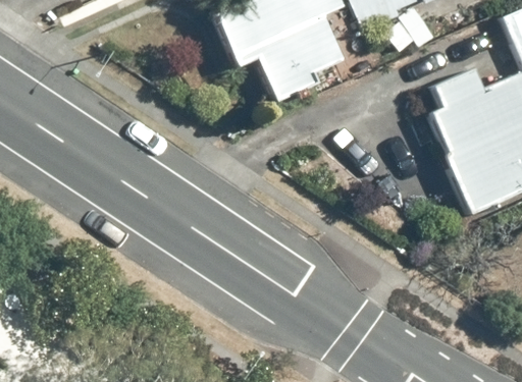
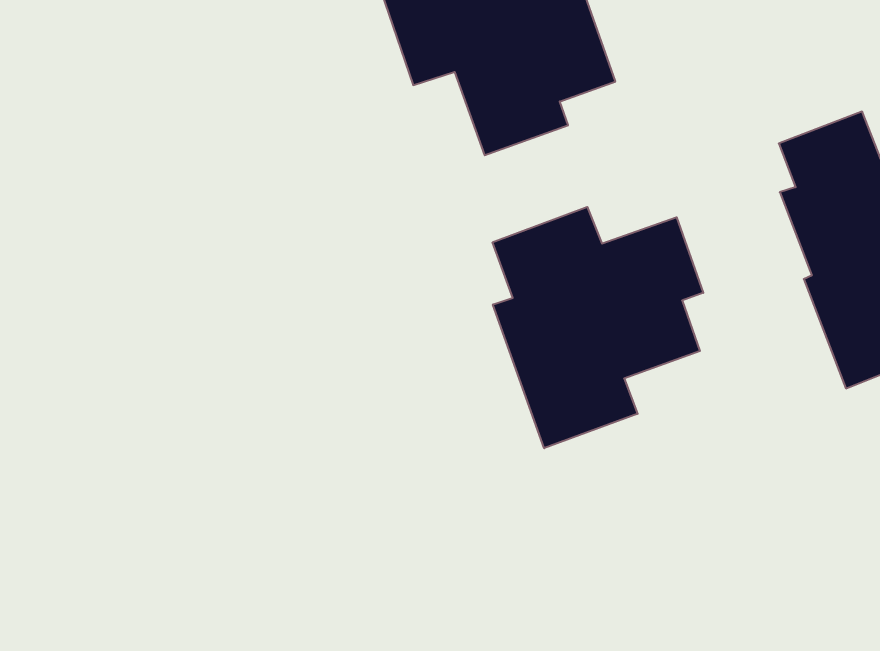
building: none -> [493,207,703,448]

